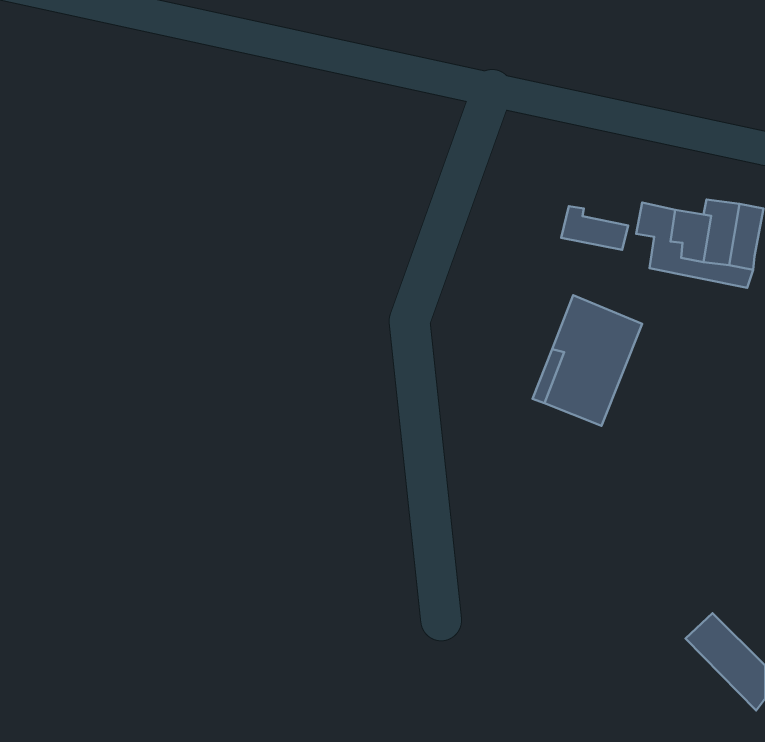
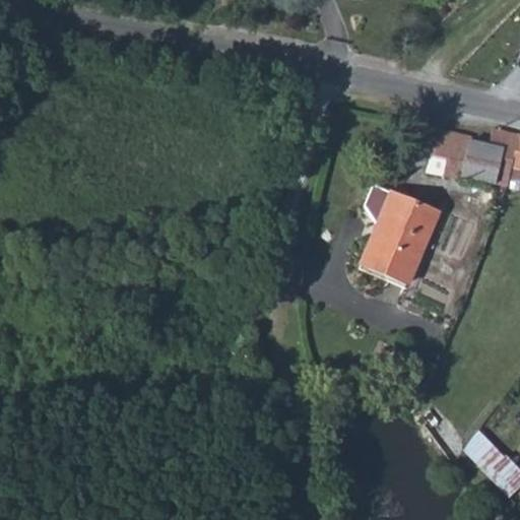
building: [561,206,628,250] -> none

